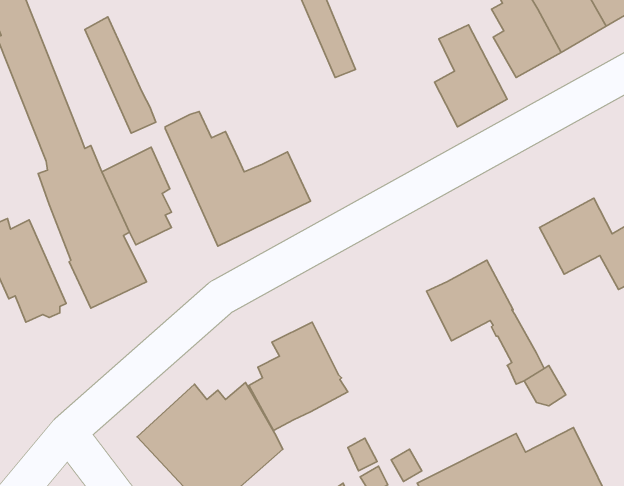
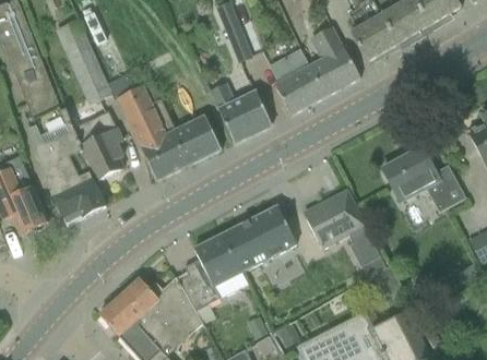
building: none -> [270,50,324,115]
building: none -> [207,82,271,143]
building: none -> [222,206,296,272]

